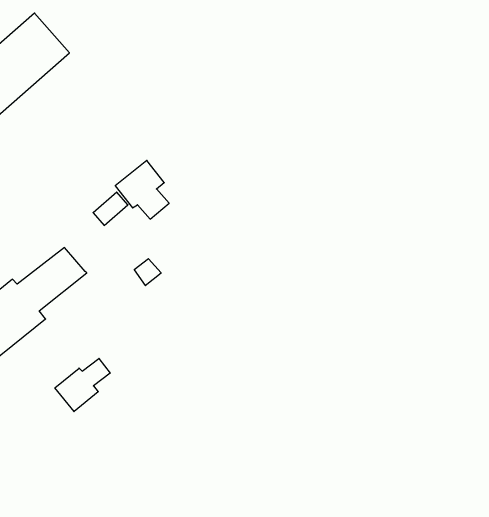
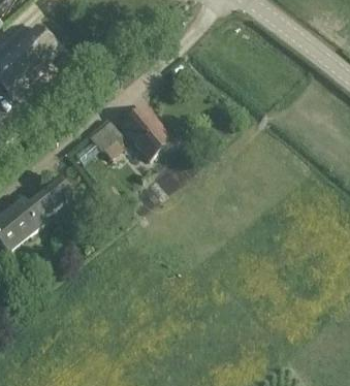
building: none -> [122,105,172,159]
building: [55,358,110,412] -> none

